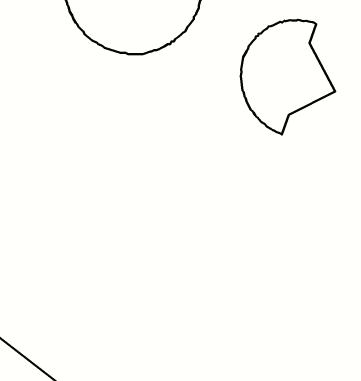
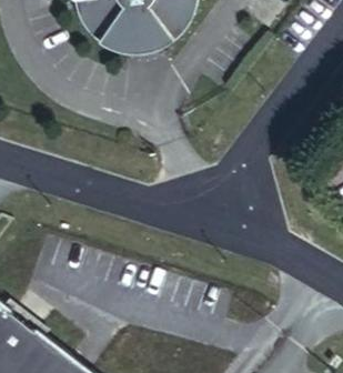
building: [241,20,335,135] -> none

